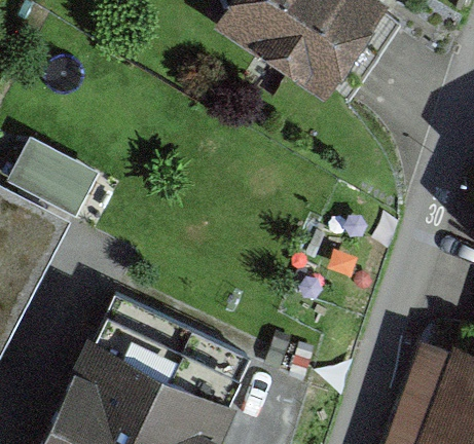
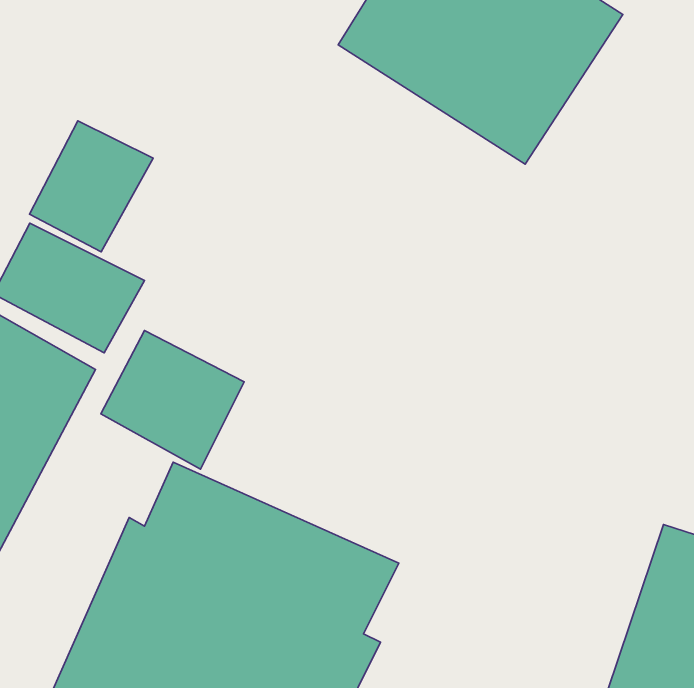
building: none -> [29,121,153,252]
building: none -> [101,331,244,469]

